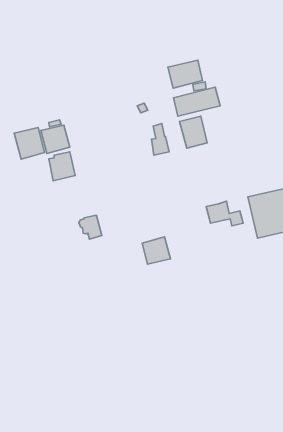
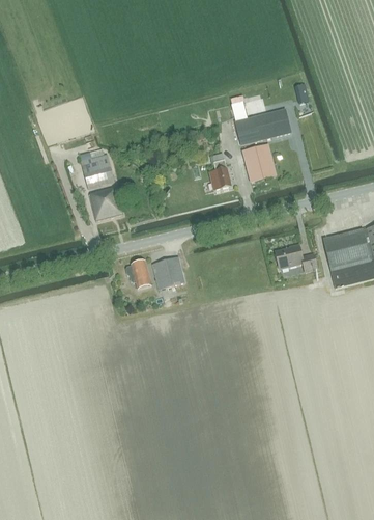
building: [168,60,203,88] -> none
building: [14,127,45,159] -> none
building: [142,237,171,264] -> [151,255,184,288]

